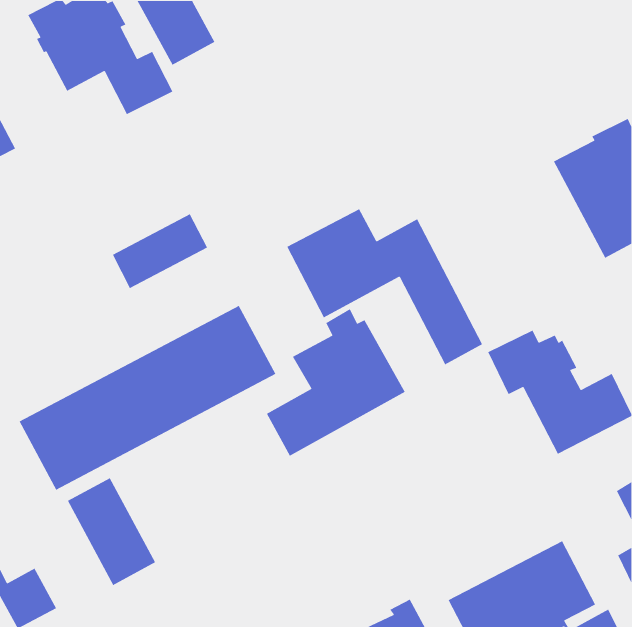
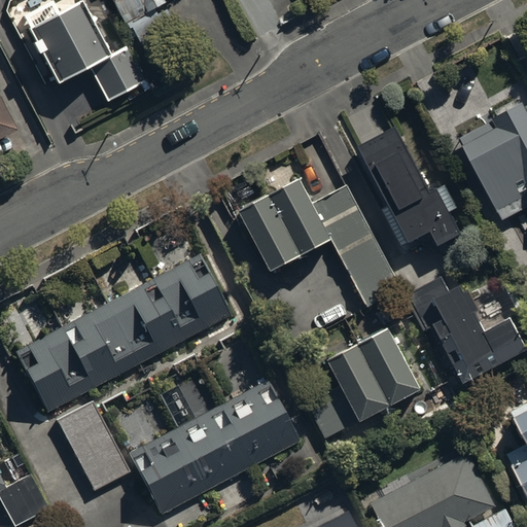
building: none -> [357,125,460,244]
building: [112,213,208,289] -> none
building: [266,308,406,457] -> [306,317,422,441]
building: none -> [128,381,296,516]

